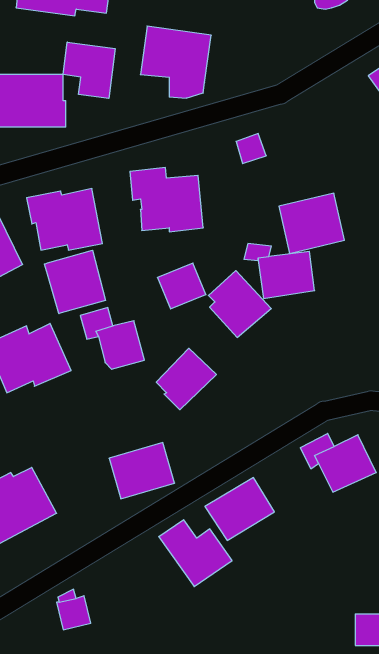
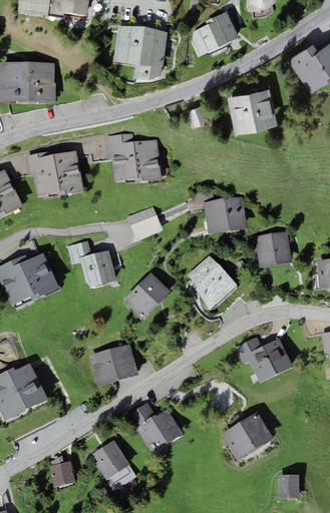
building: none -> [191,12,238,57]
building: [63,42,115,98] -> none
building: [279,193,344,253] -> [227,90,277,136]
building: [44,250,105,314] -> none
building: [208,271,271,337] -> [188,255,236,307]
building: none -> [254,231,291,267]
building: [205,478,274,540] -> [220,412,273,460]
building: none -> [92,441,136,492]

